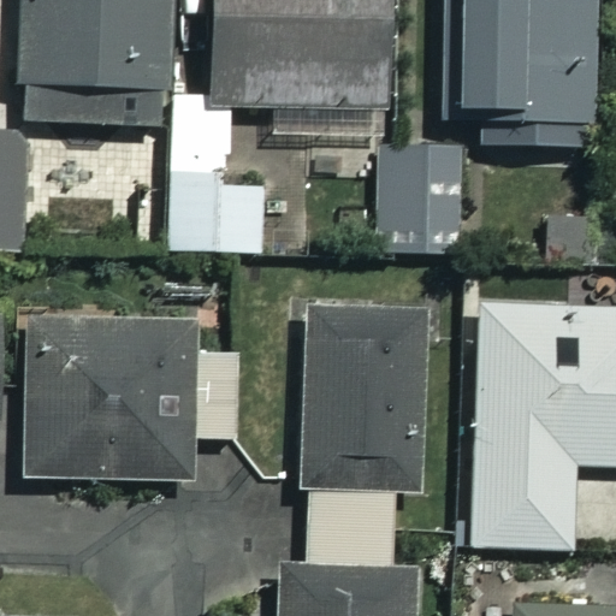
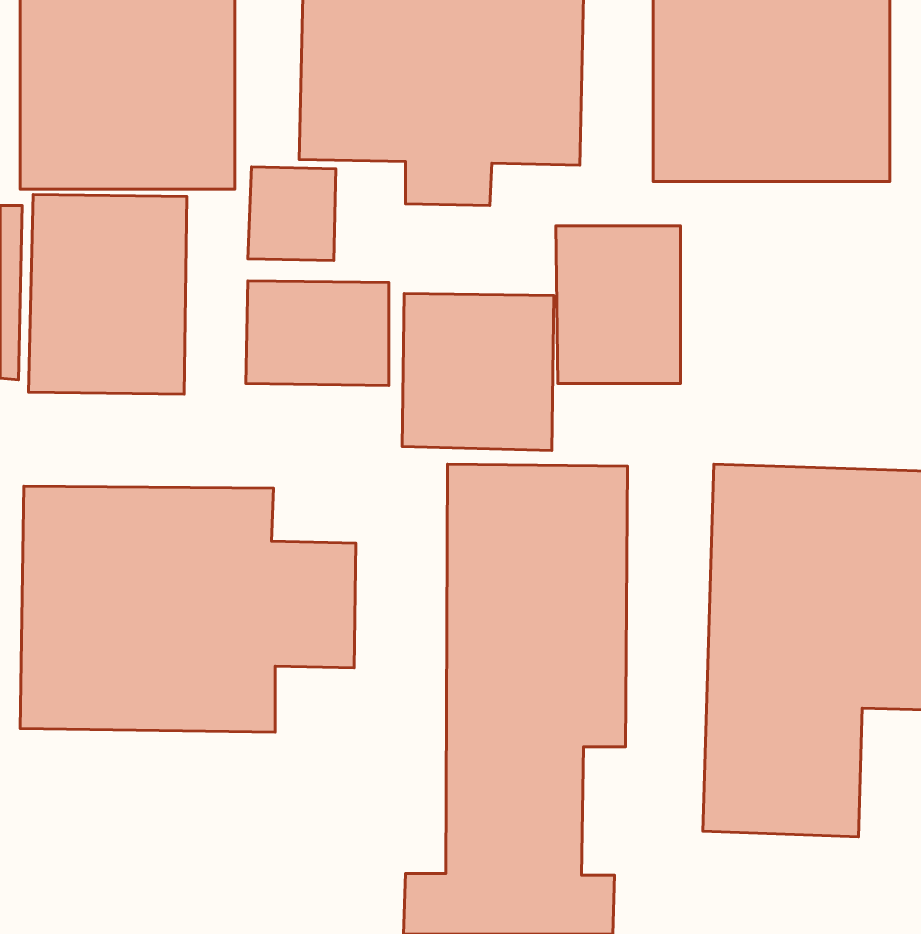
building: none -> [28,194,187,394]
building: none -> [402,294,554,451]

